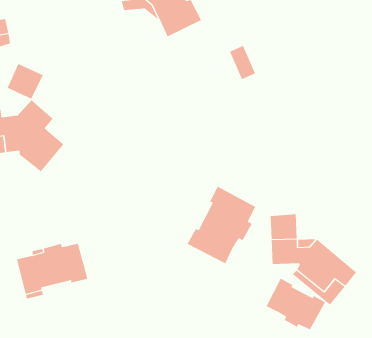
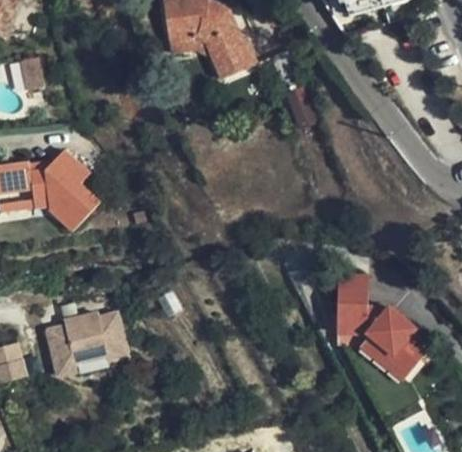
building: [7,63,44,99] -> none
building: [187,186,256,264] -> none
building: [266,278,326,330] -> none

